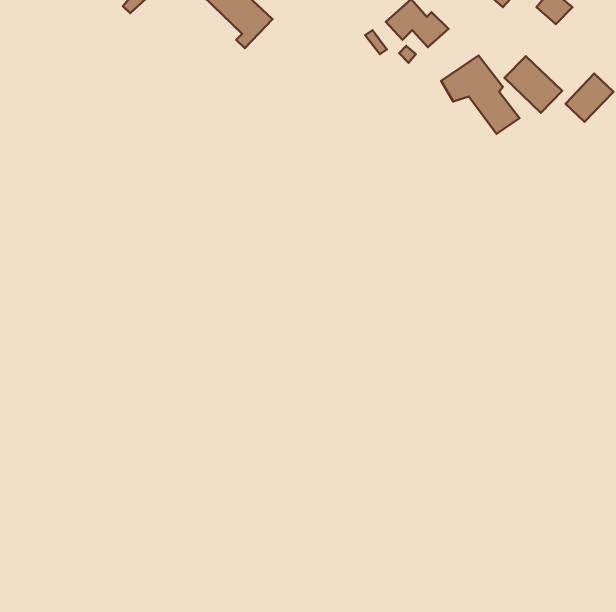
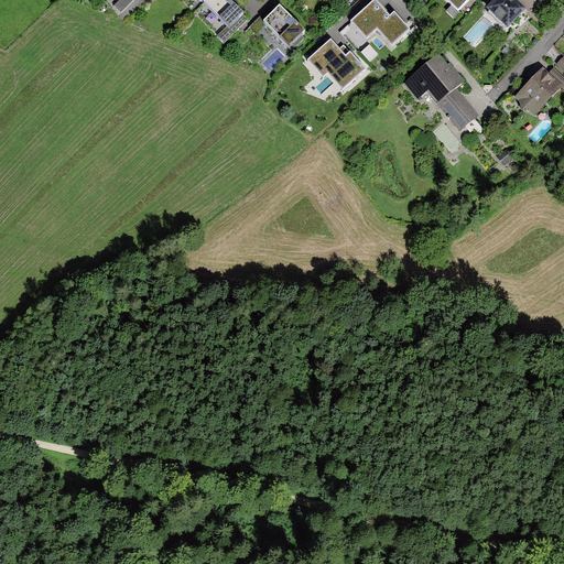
building: none -> [252,6,303,50]
building: none -> [307,39,366,88]
building: [504,56,562,113] -> none

